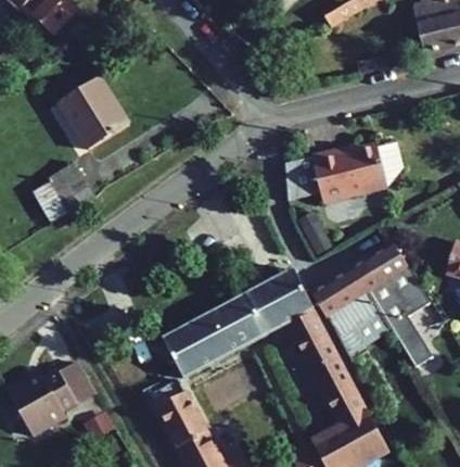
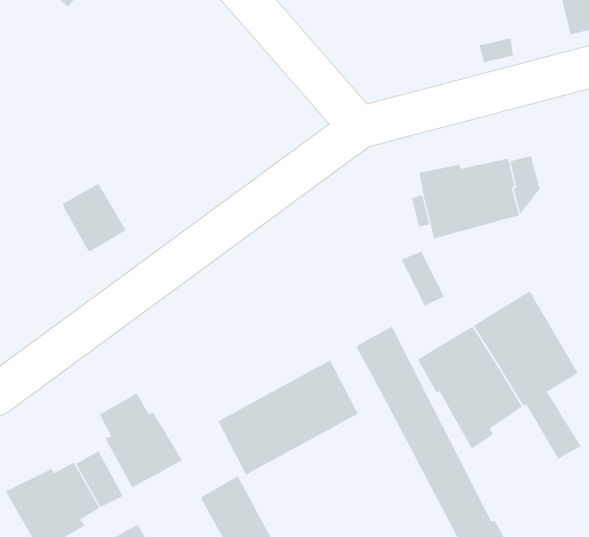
building: [58,75,128,149] -> none
building: [246,282,286,332] -> none
building: none -> [99,393,183,488]

